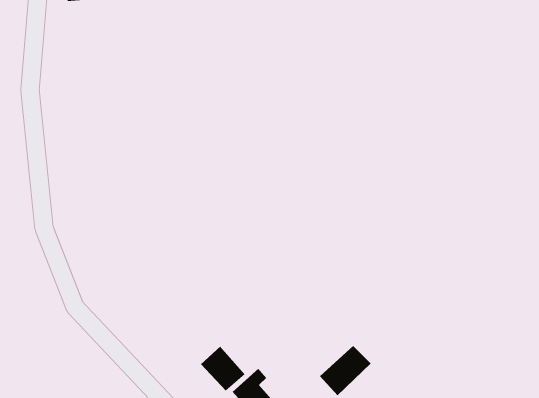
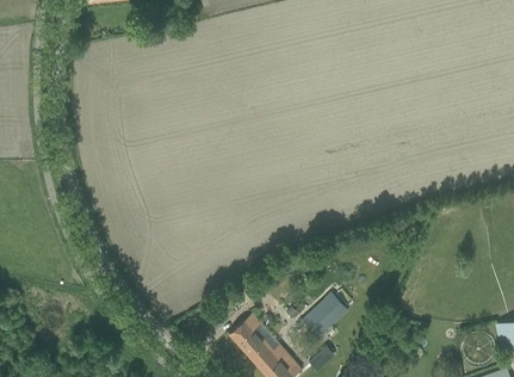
building: [200,346,245,391] -> none

